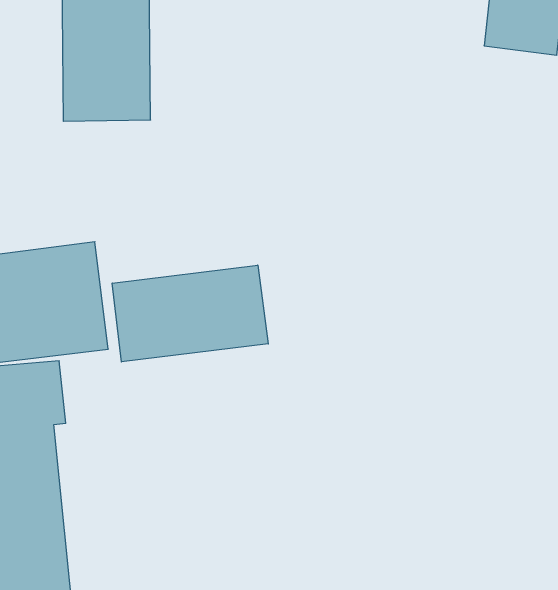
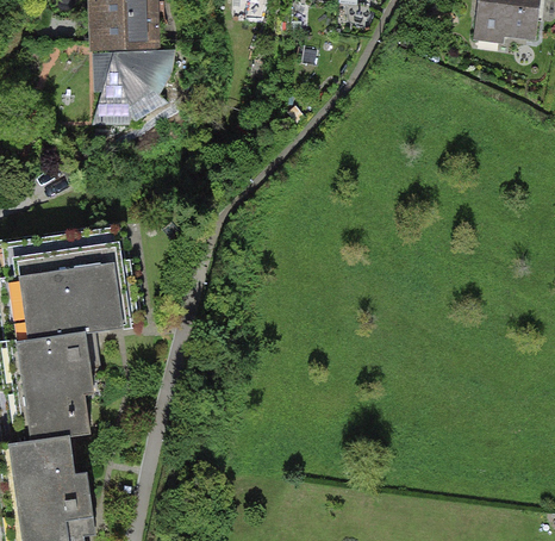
building: [112,265,268,362] -> none

